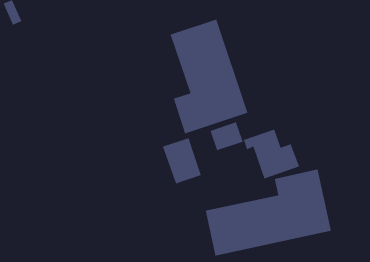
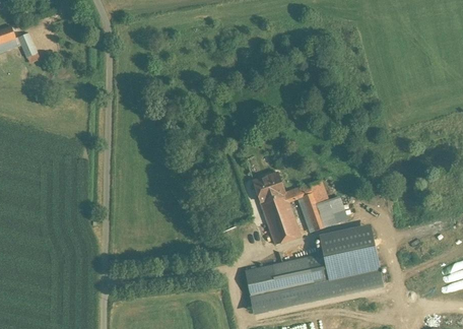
building: [170,18,248,134] -> none
building: [162,137,202,184] -> [256,193,301,246]

